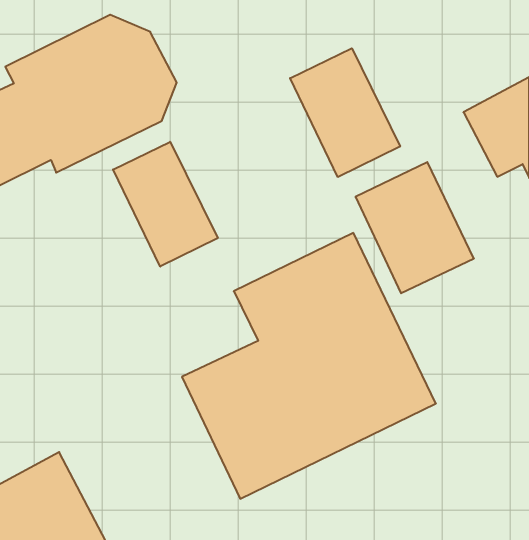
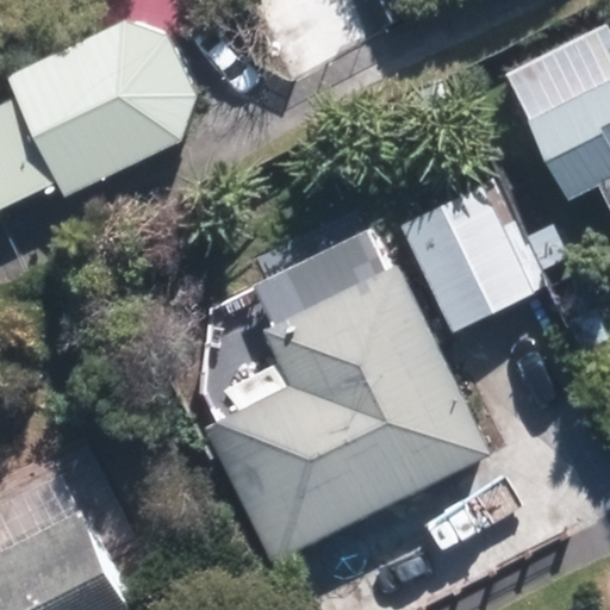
building: [290,48,400,177] -> none
building: [113,142,218,267] -> none

